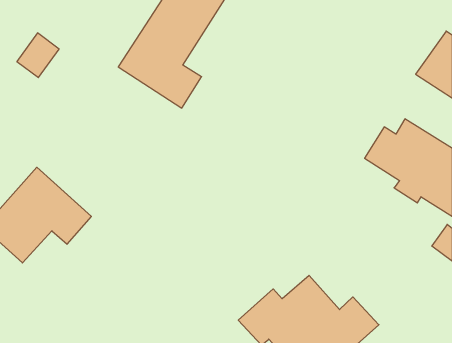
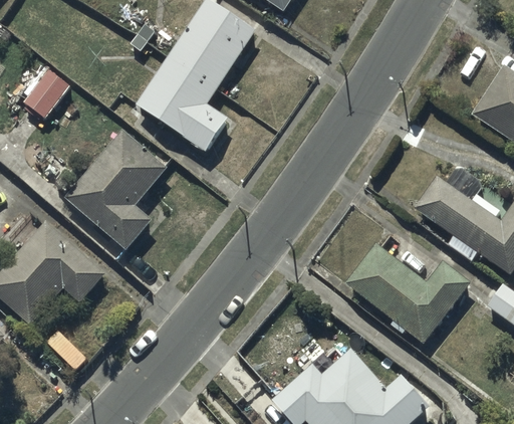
building: none -> [66,131,167,250]
building: none -> [344,246,469,346]

